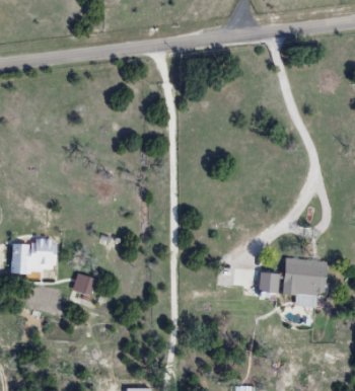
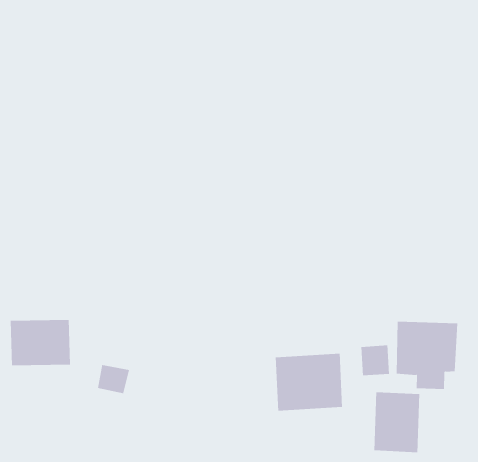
building: none -> [275,353,343,411]
building: none -> [374,391,420,453]

